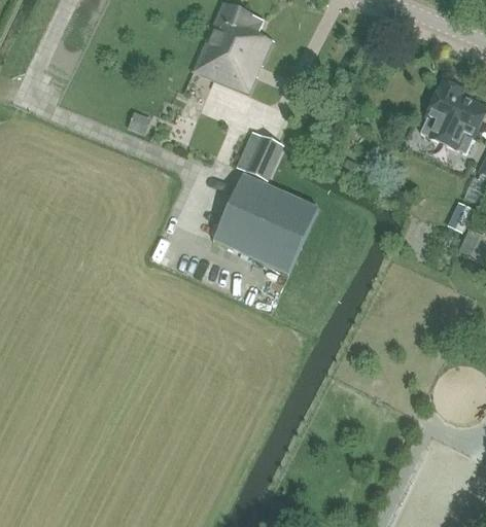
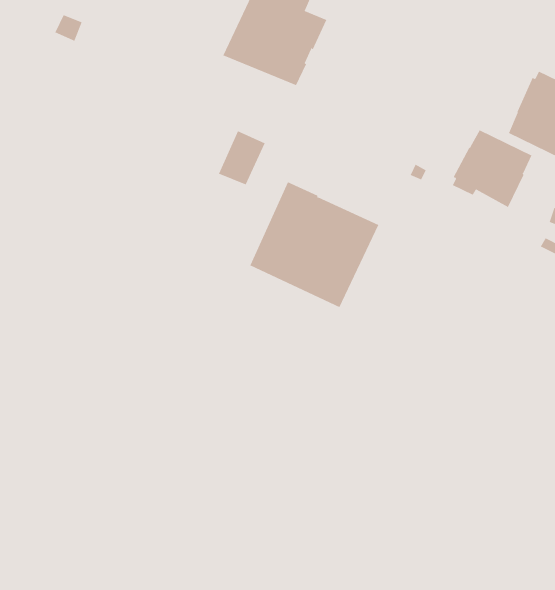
building: none -> [452,129,532,208]
building: [244,135,282,179] -> [218,130,265,185]

